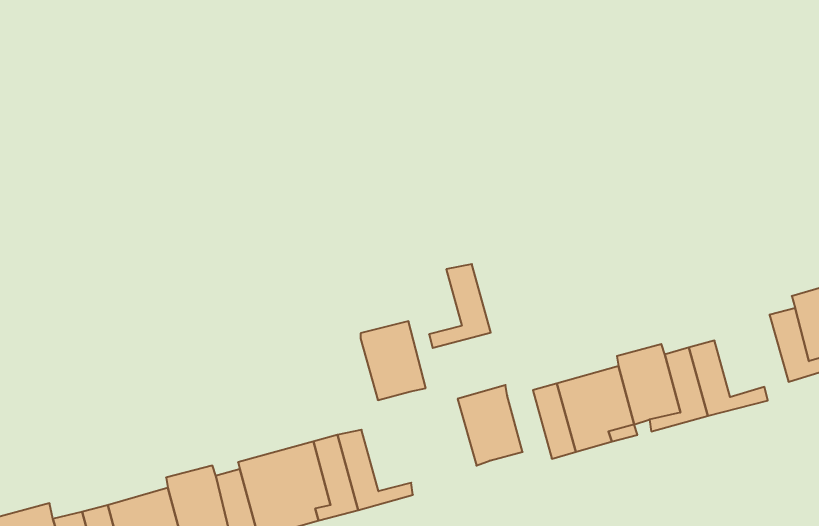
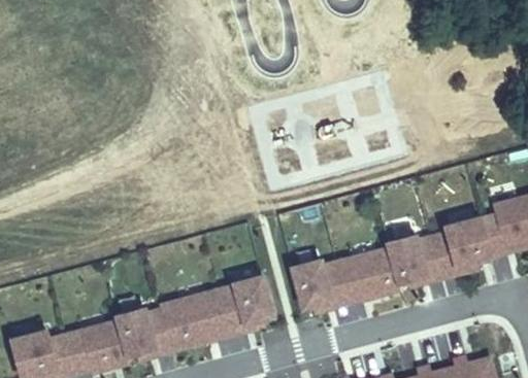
building: [429,264,491,348] -> [310,263,348,313]
building: none -> [443,217,490,267]
building: [361,321,426,400] -> [233,276,272,323]

